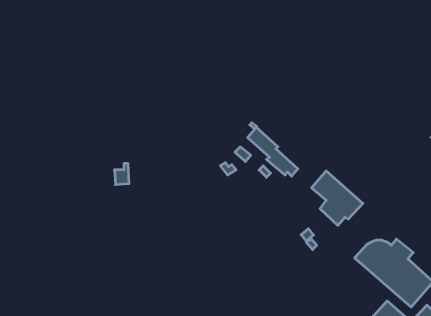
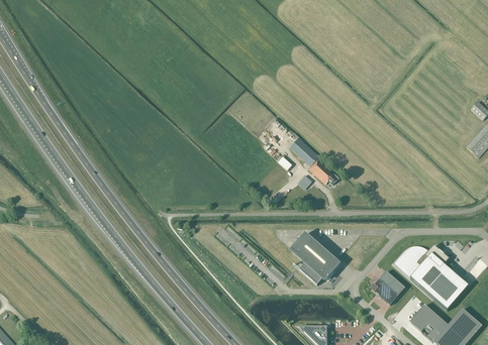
building: [312,171,363,225] -> [291,232,340,284]
building: none -> [371,269,404,304]

